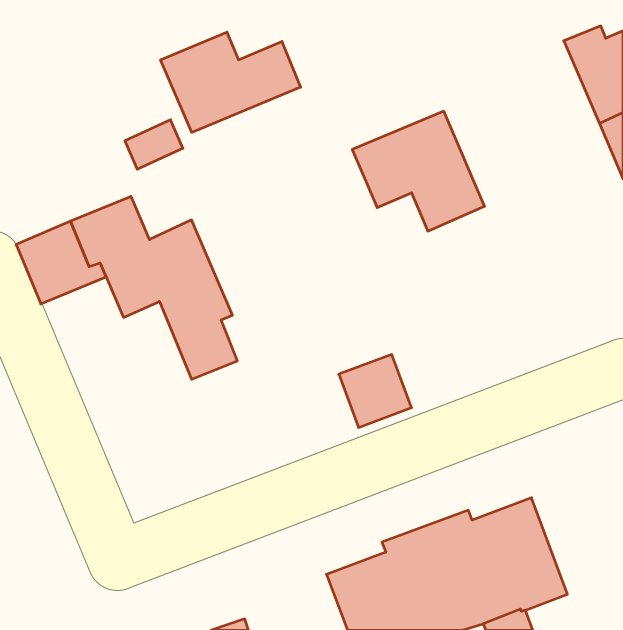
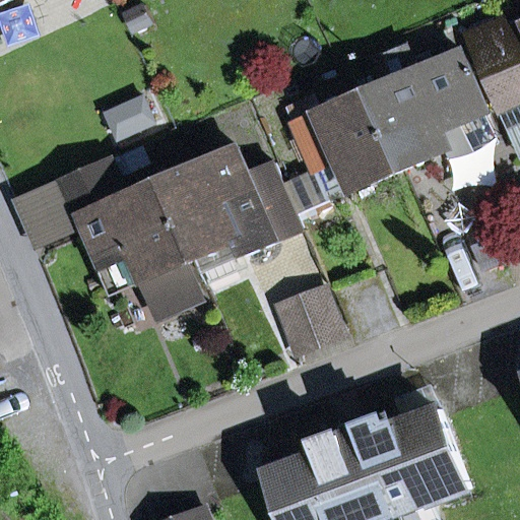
building: [161,32,301,132] -> none
building: none -> [365,50,494,170]
building: none -> [157,148,302,259]

